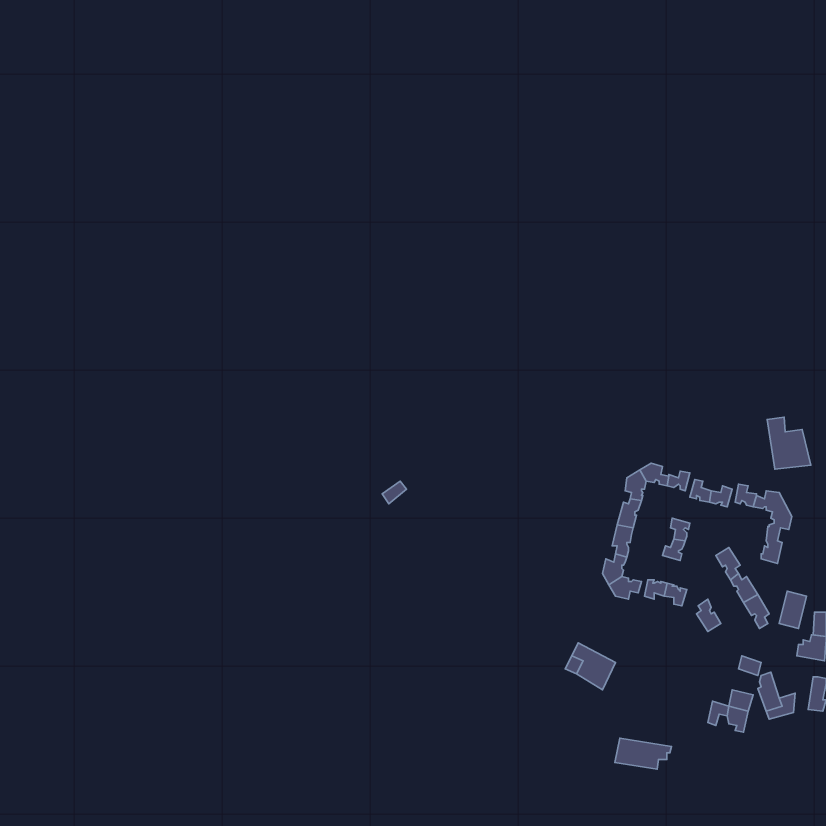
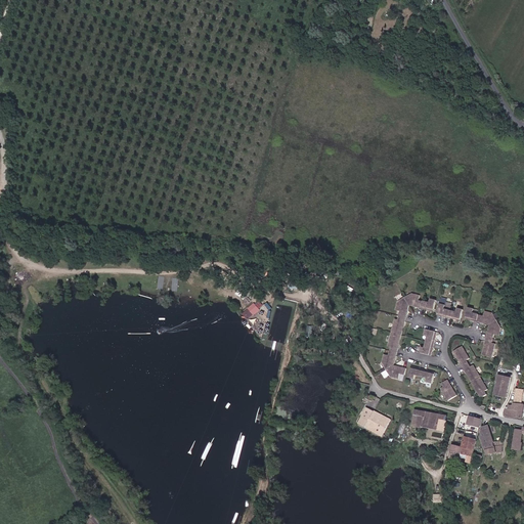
building: [767,417,811,469] -> none
building: [615,738,672,769] -> [410,409,446,429]

